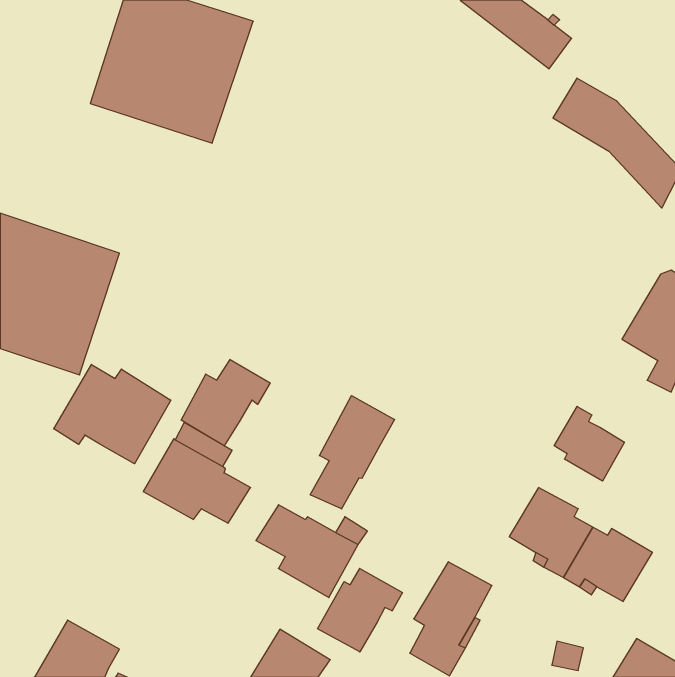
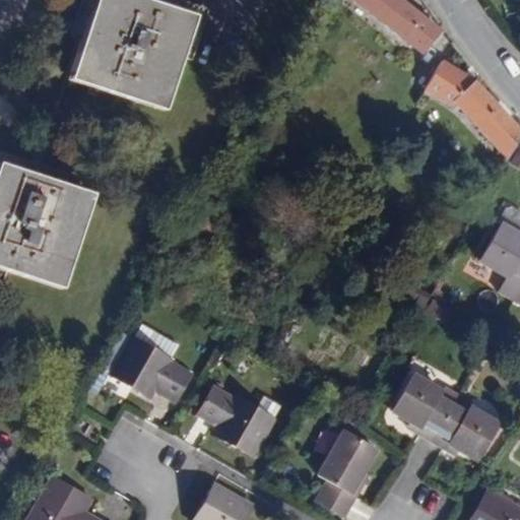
building: [181,359,270,446] -> none
building: [54,364,171,464] -> none
building: [310,396,395,509] -> none
building: [554,406,624,481] -> none
building: [318,568,402,652] -> none

